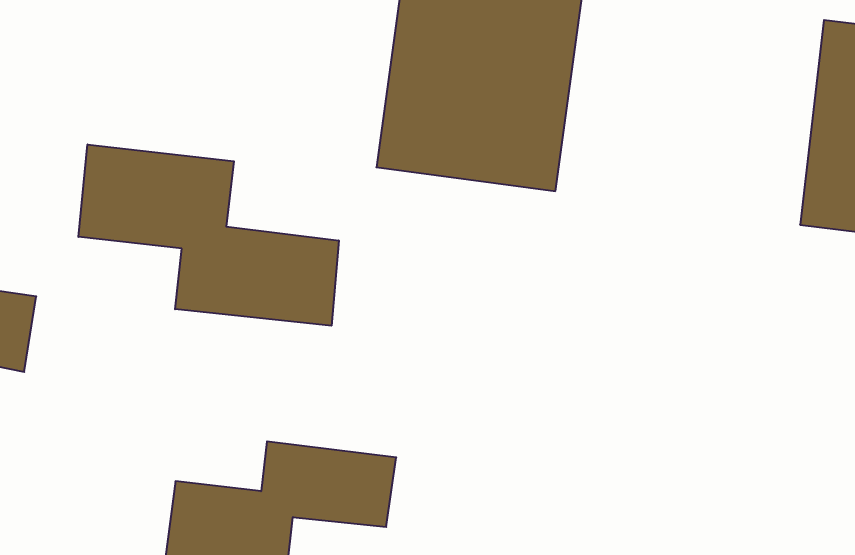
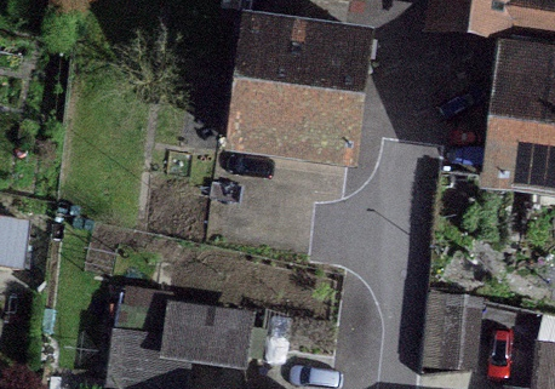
building: [78,144,339,326] -> none

